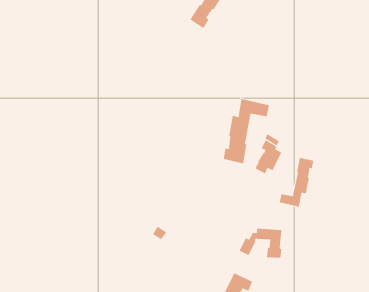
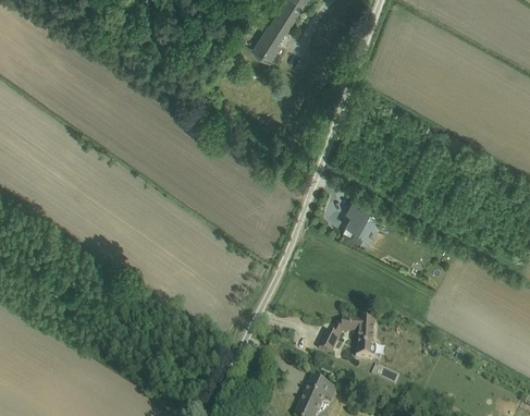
building: [223,98,269,164] -> none
building: [279,157,314,207] -> none

